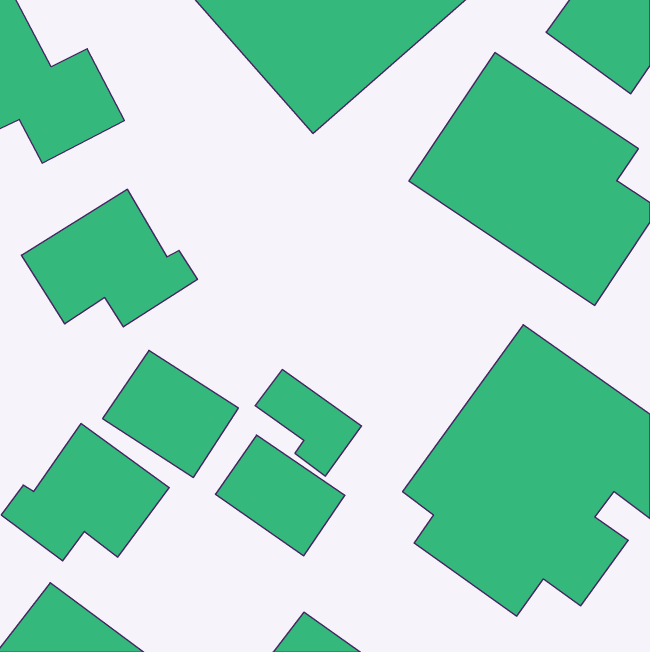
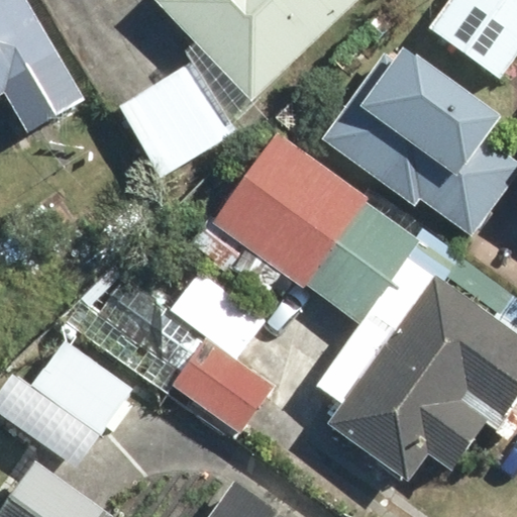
building: none -> [119,65,234,178]
building: none -> [194,135,412,318]
building: [21,189,197,327] -> none

